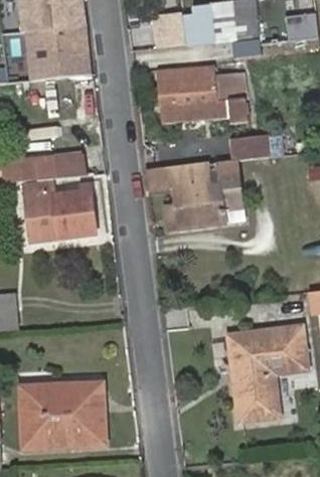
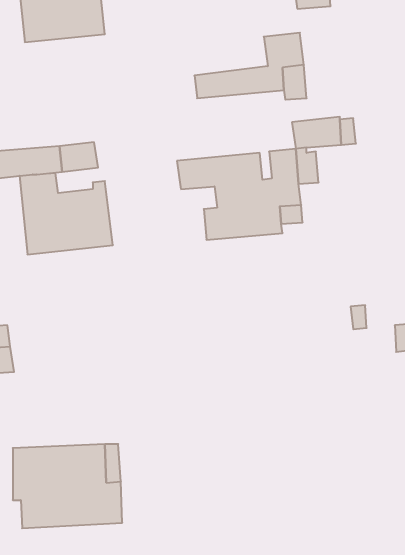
building: [154,65,213,106] -> none
building: [228,325,305,419] -> none

